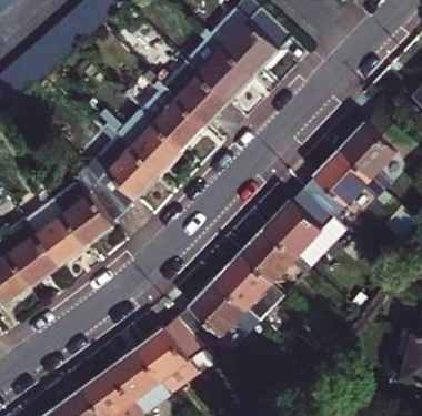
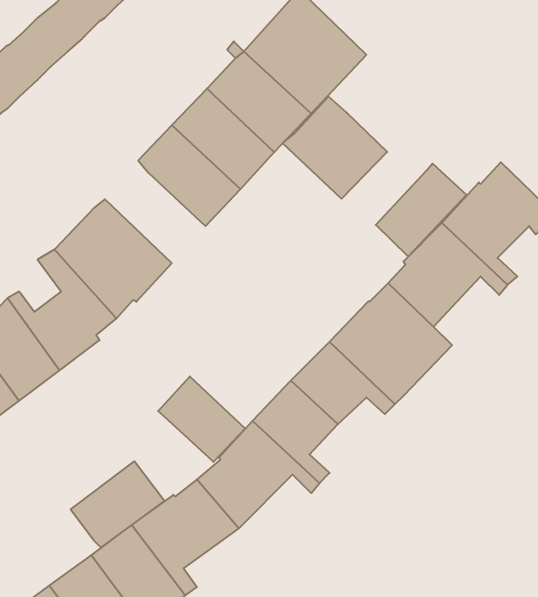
building: none -> [283,96,387,199]
building: [112,111,179,179] -> none
building: none -> [376,164,467,256]
building: none -> [158,376,245,462]
building: none -> [71,461,165,548]

